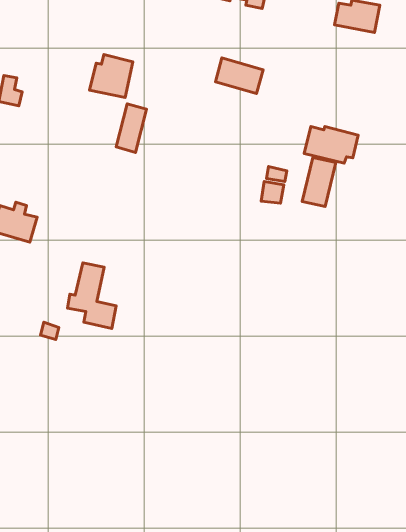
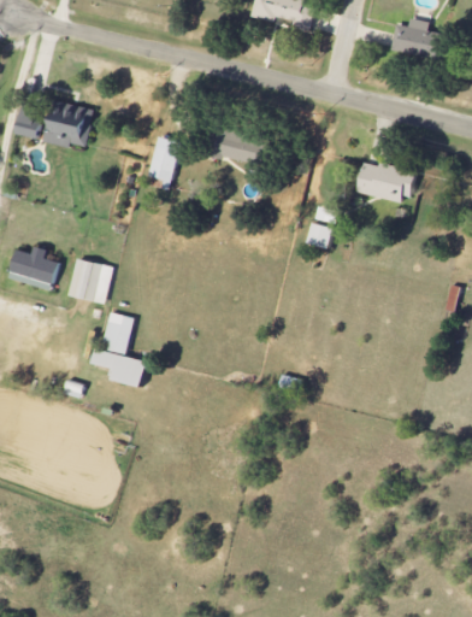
building: [90,54,133,98] -> [45,101,93,149]
building: [215,58,263,94] -> [212,127,265,166]
building: [302,157,336,207] -> none
building: none -> [67,258,113,305]

